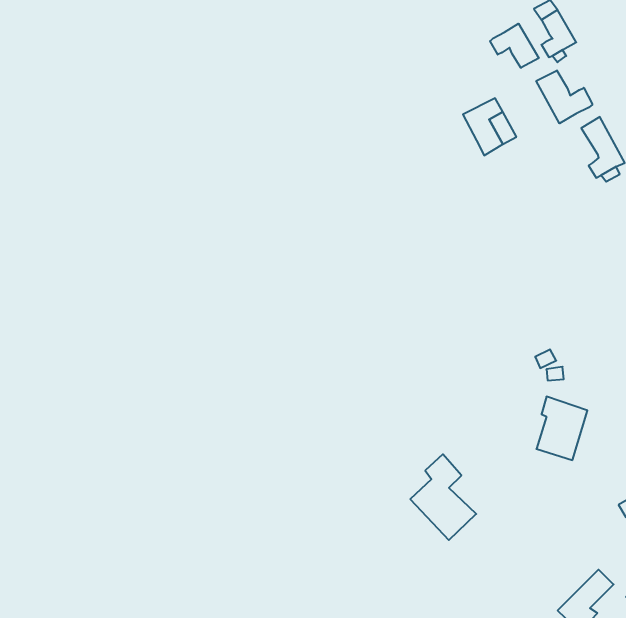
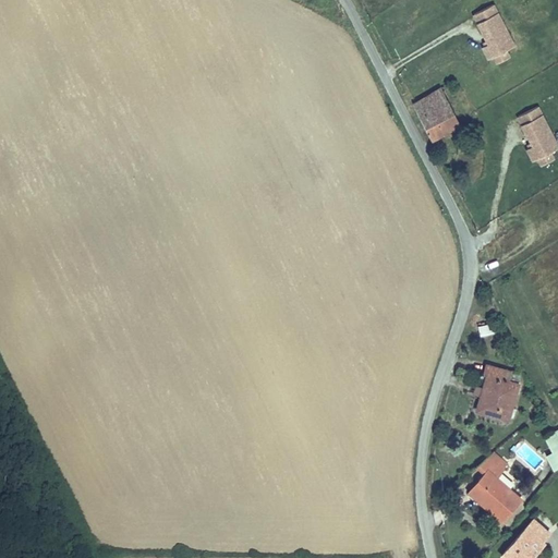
building: [490,24,539,68] -> none
building: [536,70,592,123] -> none
building: [410,454,476,540] -> [469,447,526,522]

